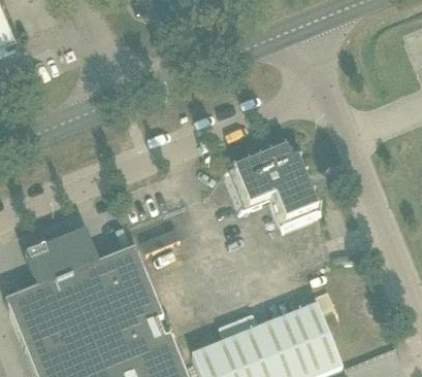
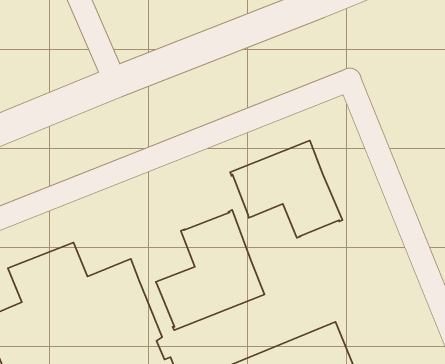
building: none -> [156,210,264,330]

